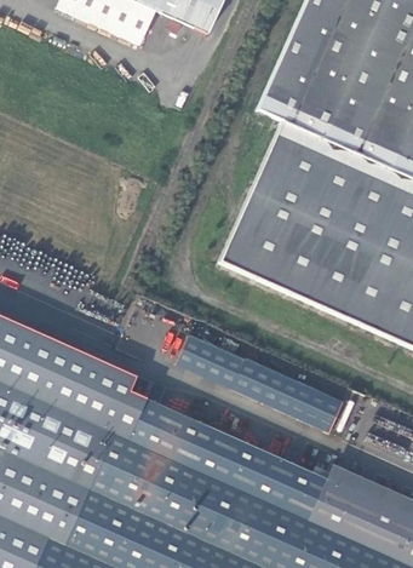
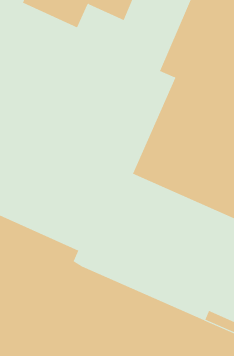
building: [179,334,344,432] -> none

